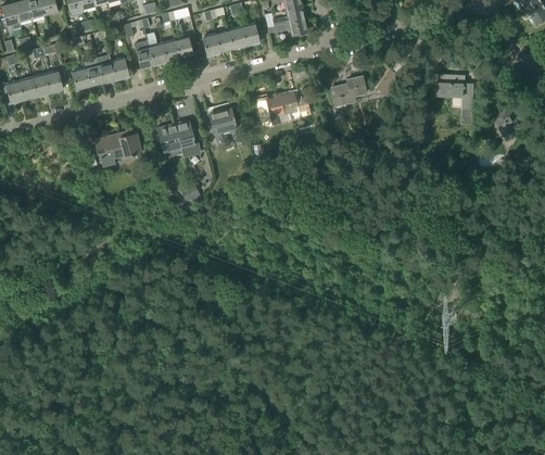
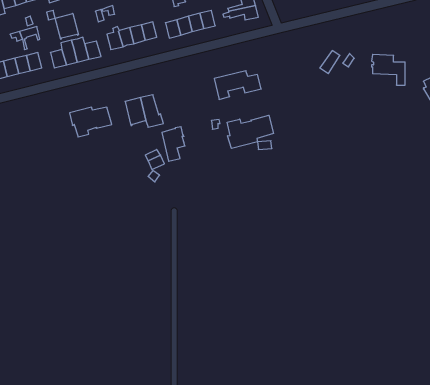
building: none -> [55,13,79,39]
building: [331,75,366,104] -> none
building: [210,108,236,147] -> [162,127,185,161]
building: none -> [227,115,273,148]

